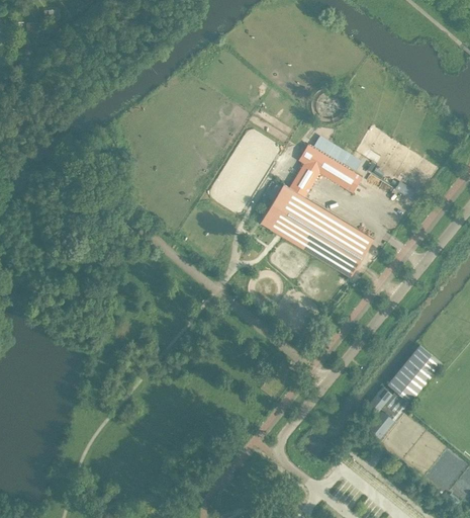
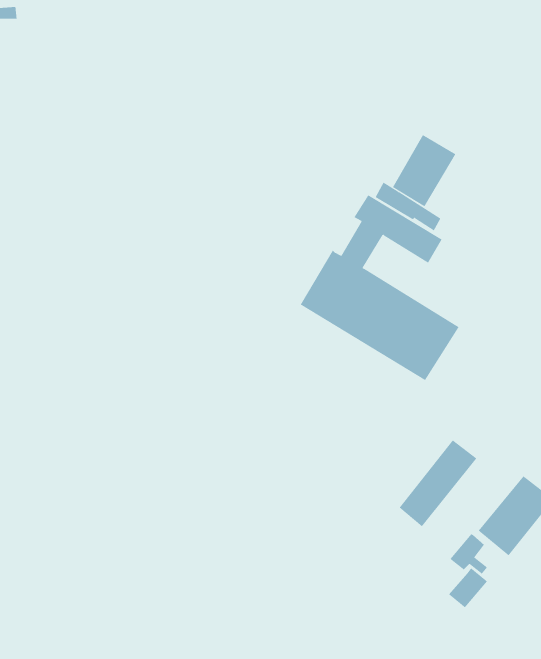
building: none -> [392,134,456,207]
building: none -> [399,439,477,527]

